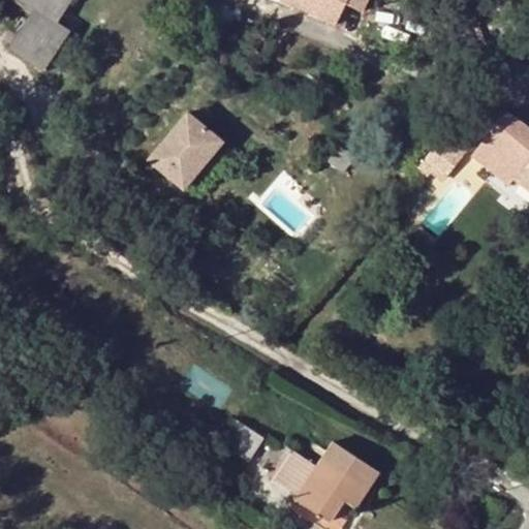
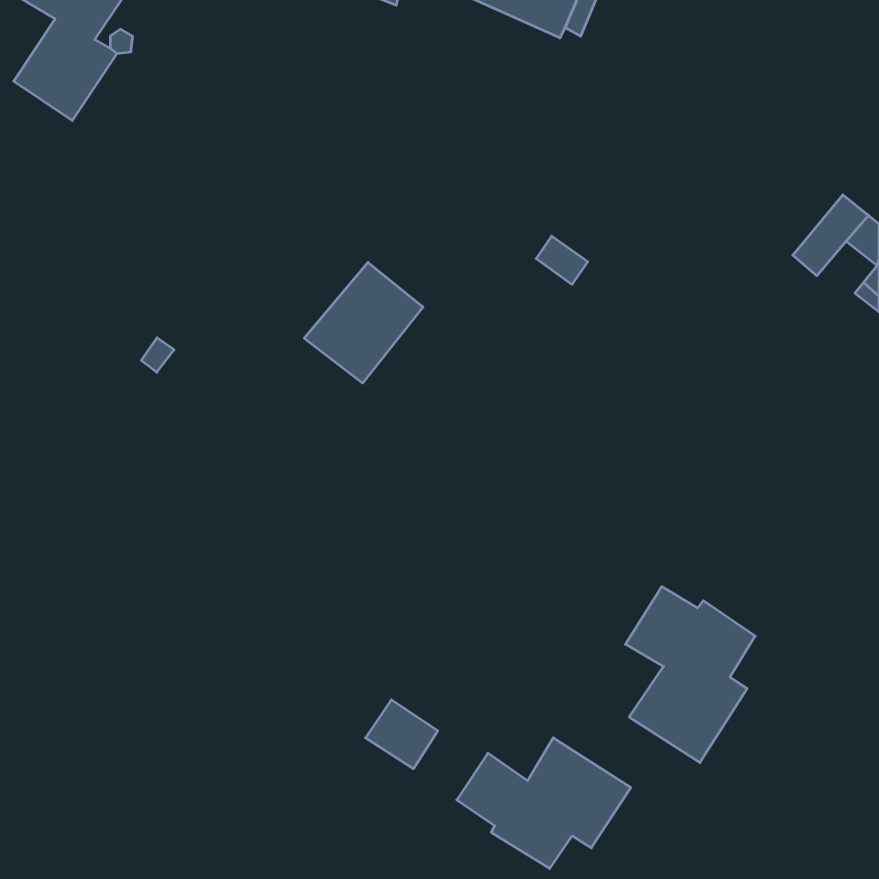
building: [151,115,222,187] -> [304,262,423,383]
building: none -> [625,587,755,763]

